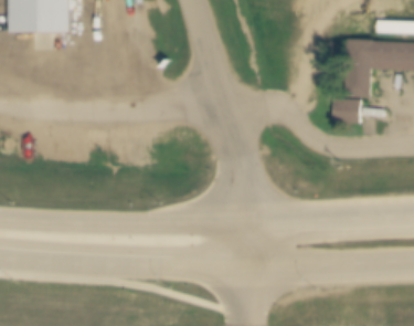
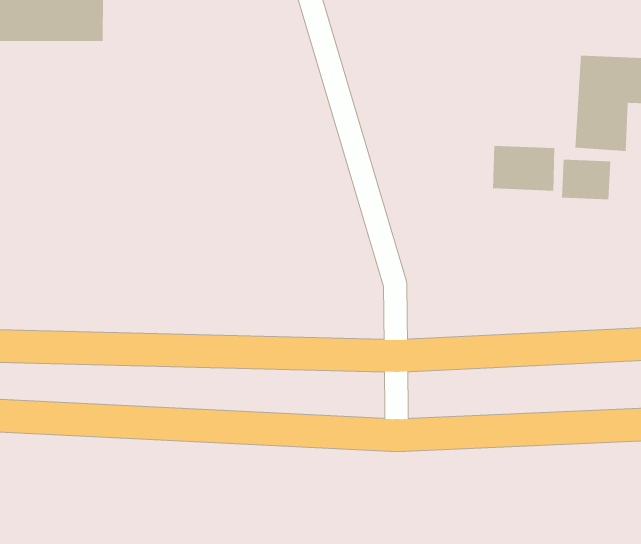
building: none -> [493,145,555,191]

